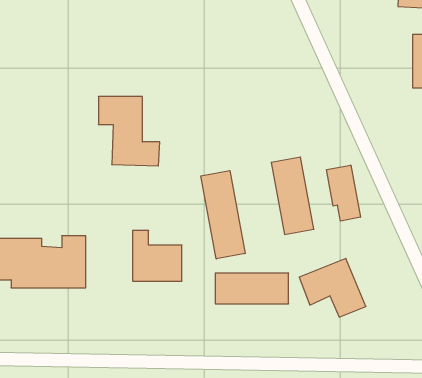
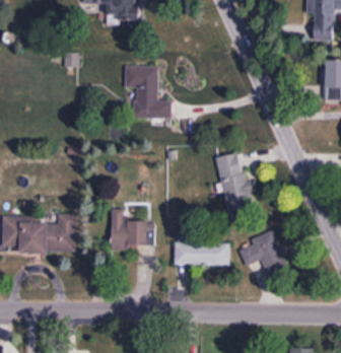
building: [98,97,160,166] -> [124,66,170,119]
building: [327,165,360,221] -> none
building: [201,171,245,259] -> none

